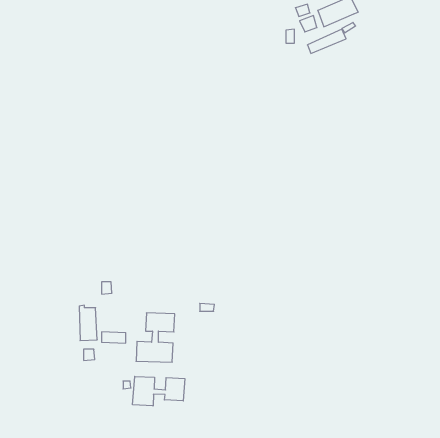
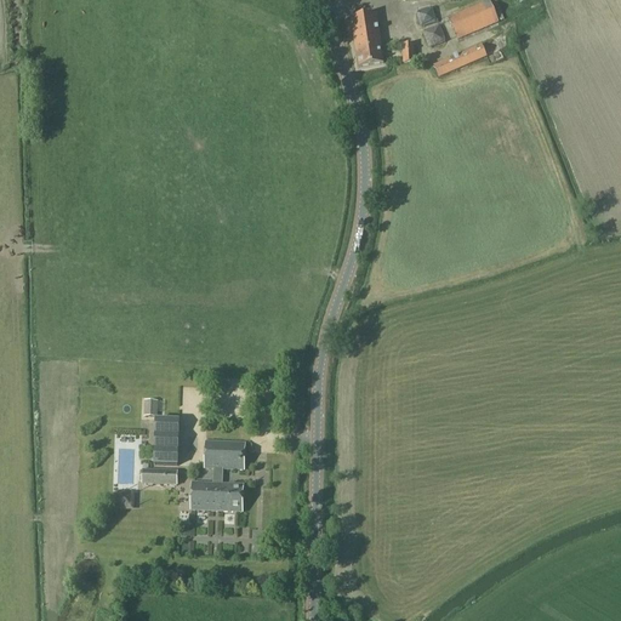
building: none -> [351,12,383,64]
building: none -> [155,416,178,462]
building: [133,376,185,406] -> none

